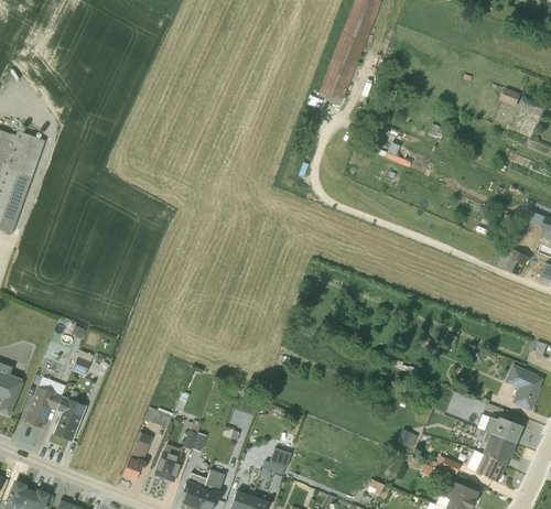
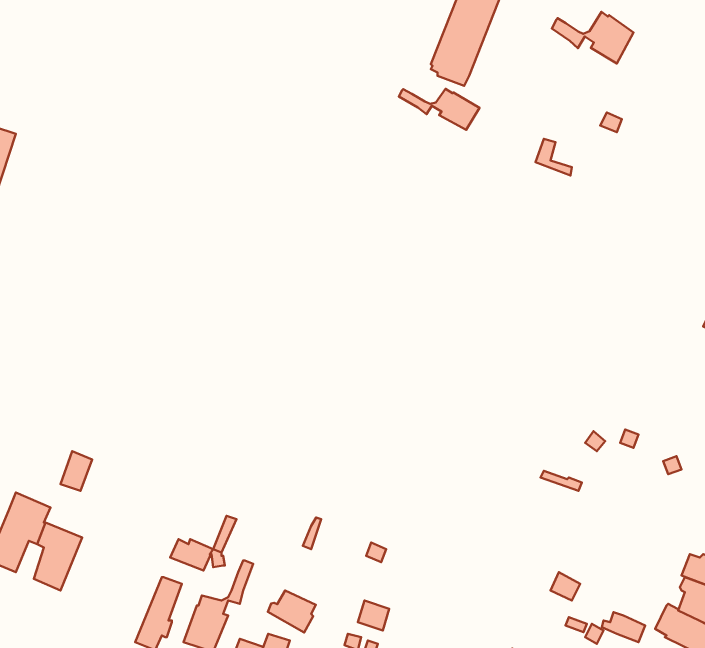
building: none -> [552,12,634,64]
building: none -> [399,89,479,130]
building: none -> [268,591,316,632]

